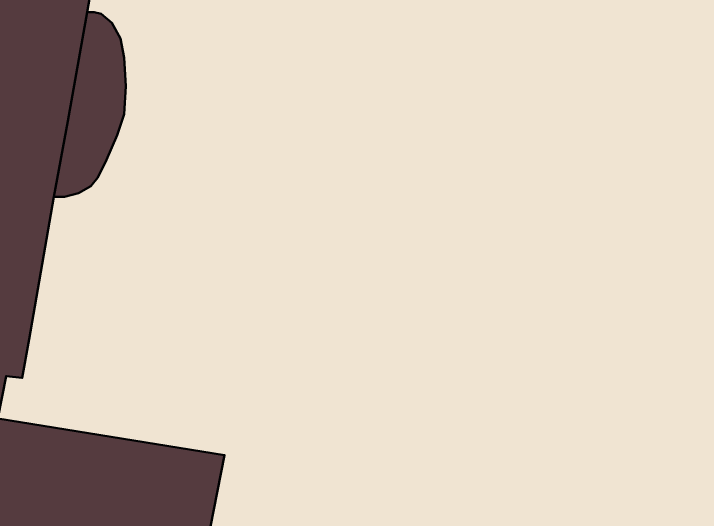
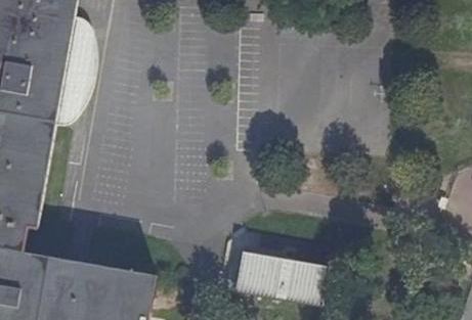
building: none -> [231,250,337,305]

